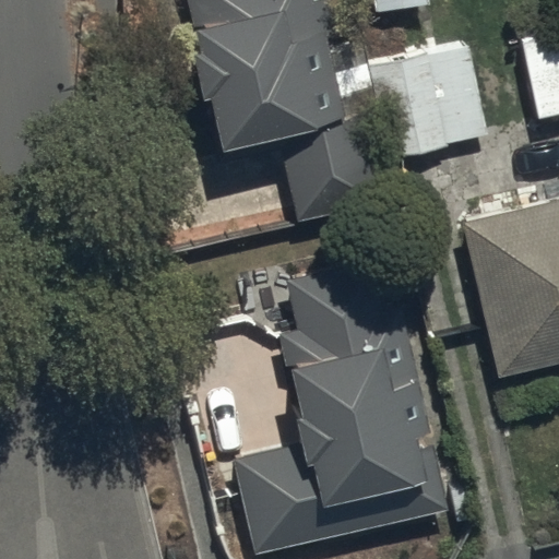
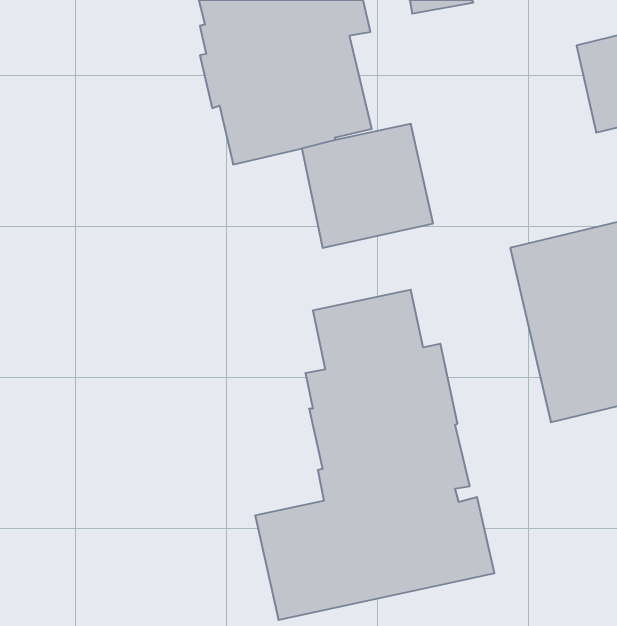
building: [373,43,491,155] -> none

